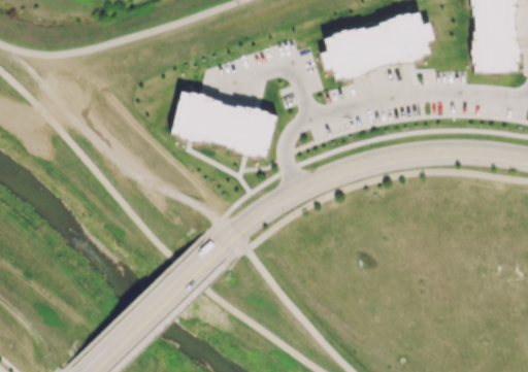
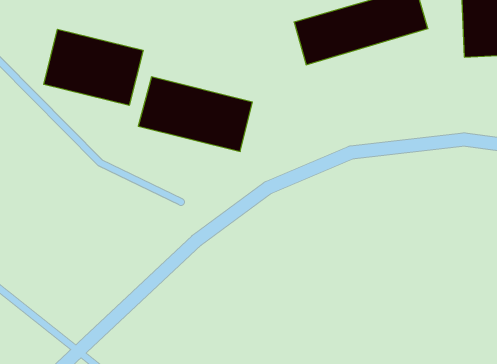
building: none -> [44,29,143,105]

